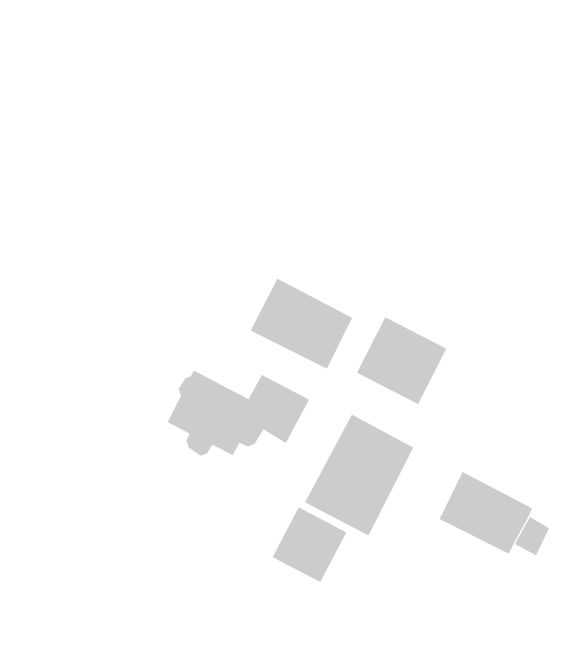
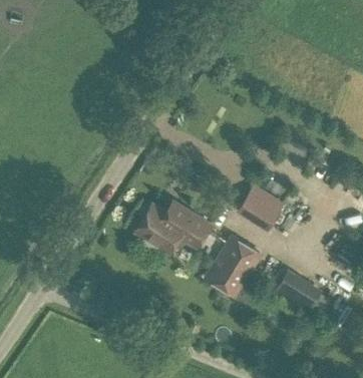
building: [250,278,353,369] -> none
building: [272,507,347,583] -> none

